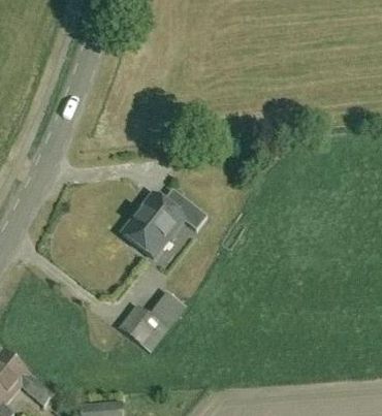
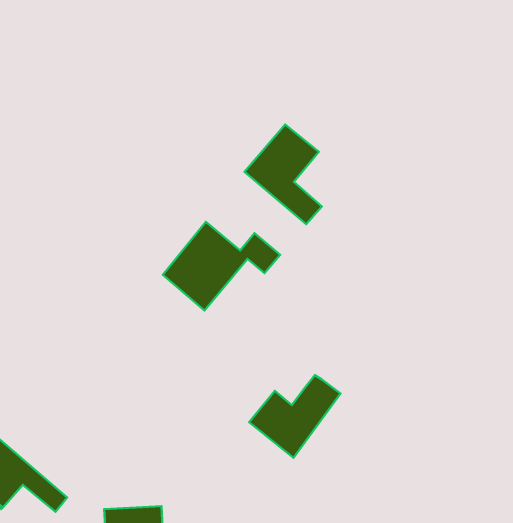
building: none -> [244,124,322,224]
building: [119,292,185,352] -> [249,375,341,458]

